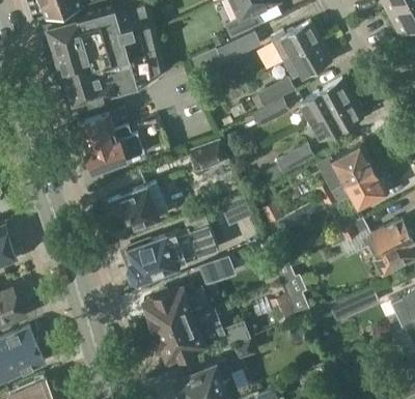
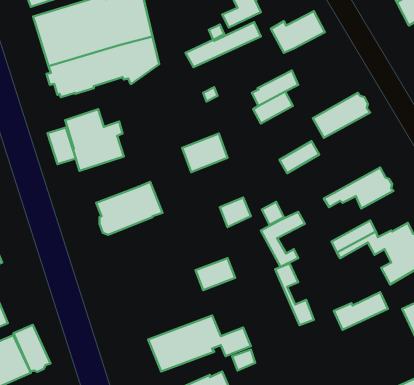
building: [282,42,331,80] -> none
building: [299,80,352,123] -> none
building: none -> [48,128,76,164]
building: [314,146,372,199] -> none
building: [126,216,215,282] -> none
building: [143,283,215,332] -> none
building: none -> [14,325,50,372]

